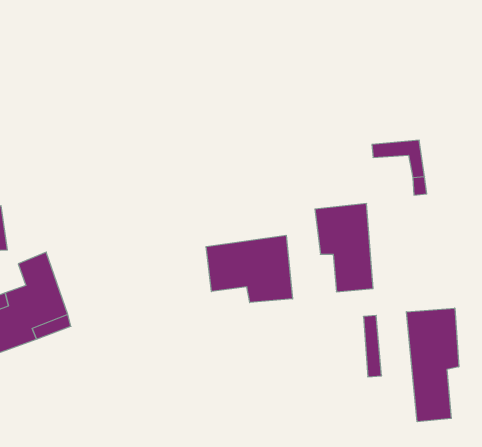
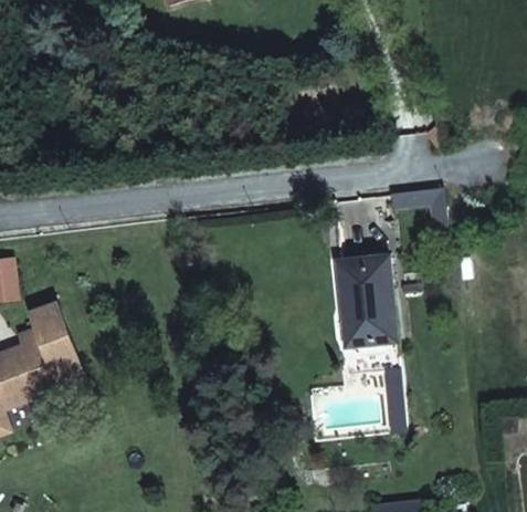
building: [206,235,293,303] -> none
building: [406,308,459,422] -> none

